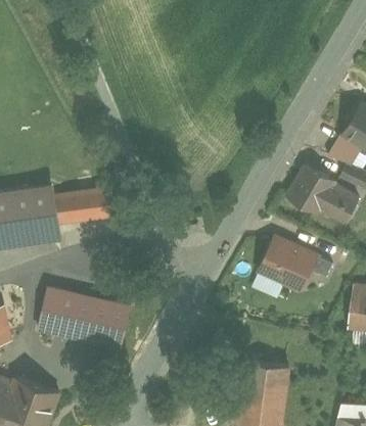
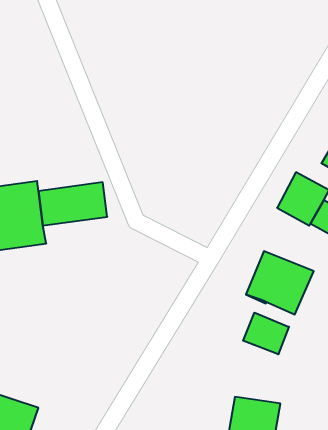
building: [43,277,139,342] -> none
building: none -> [243,313,289,354]

